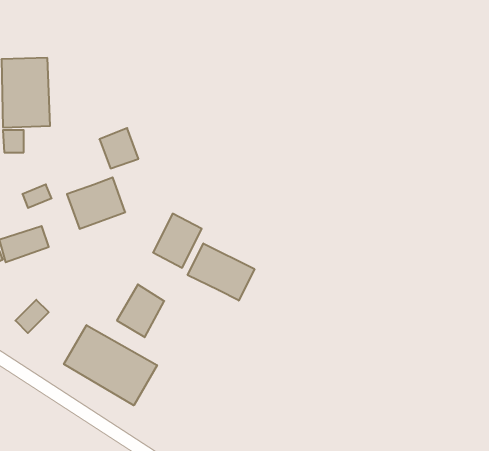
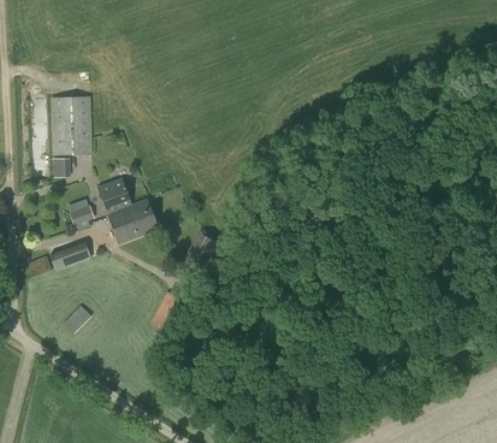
building: [99,128,138,168] -> [97,177,131,212]
building: [188,243,254,301] -> none
building: [64,325,157,405] -> none

